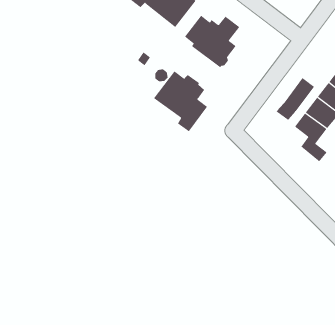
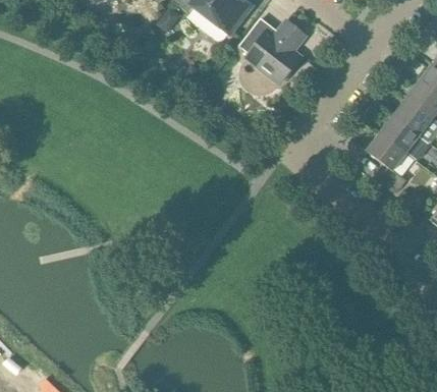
building: [153,71,208,132] -> none
building: [276,77,315,121] -> none

